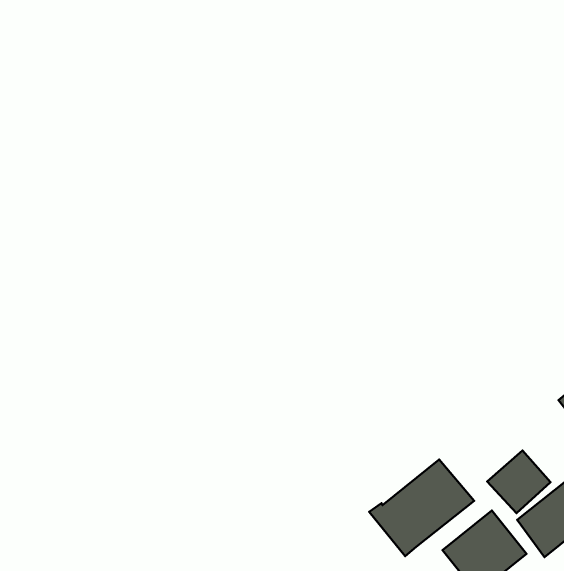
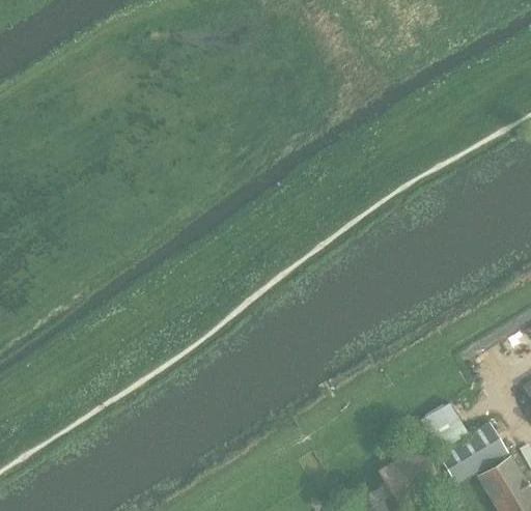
building: [369,460,474,556] -> none

